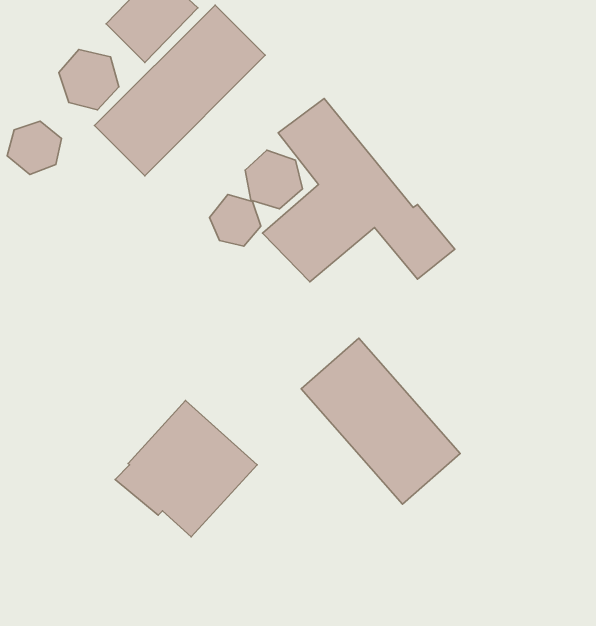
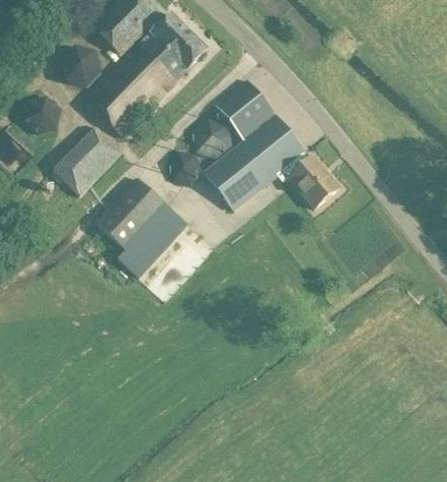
building: none -> [54,126,123,195]
building: [301,338,460,504] -> none
building: [115,400,257,537] -> [88,177,188,274]

